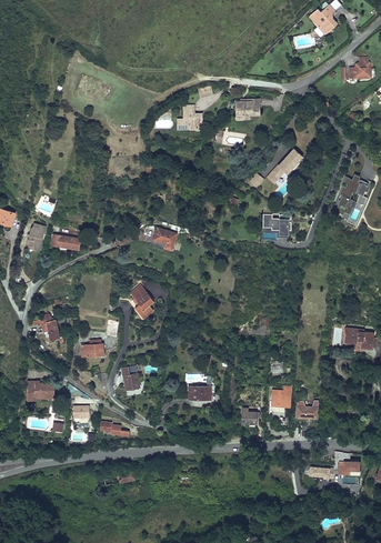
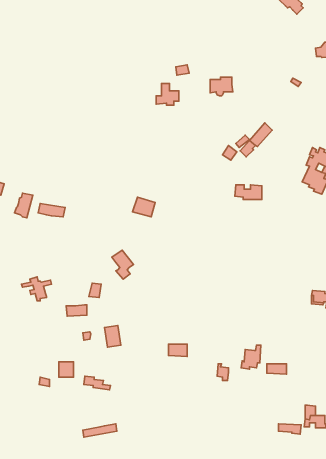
building: [27,380,54,400] -> none

